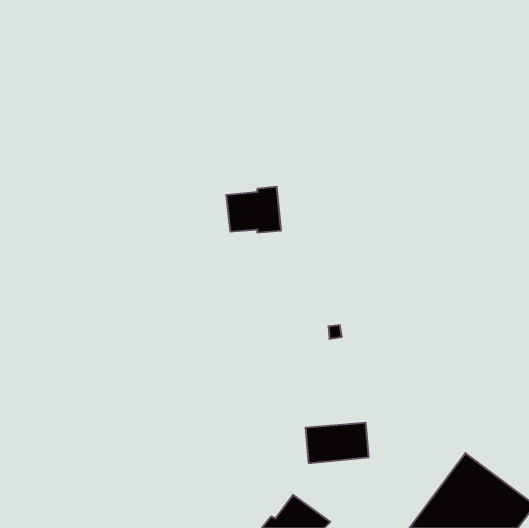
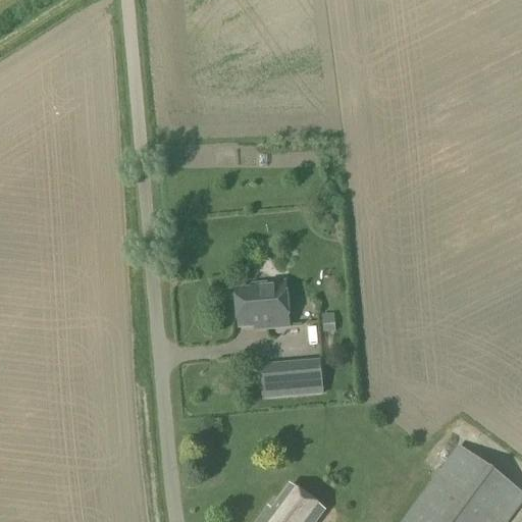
building: [226,187,281,233] -> [236,282,290,327]
building: [305,423,369,463] -> [263,360,325,400]

